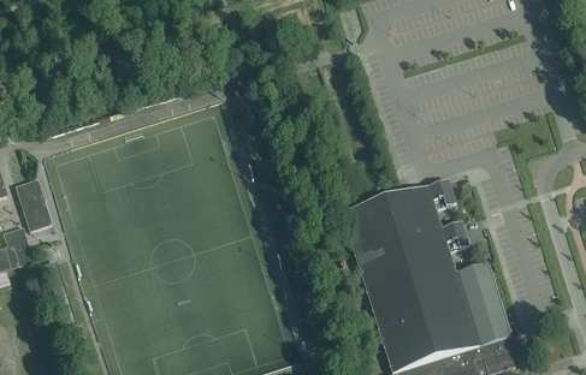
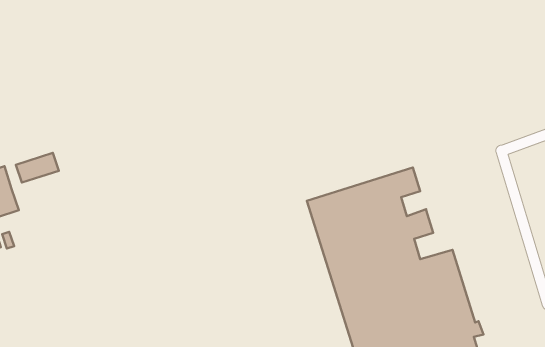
building: none -> [16,153,59,183]

